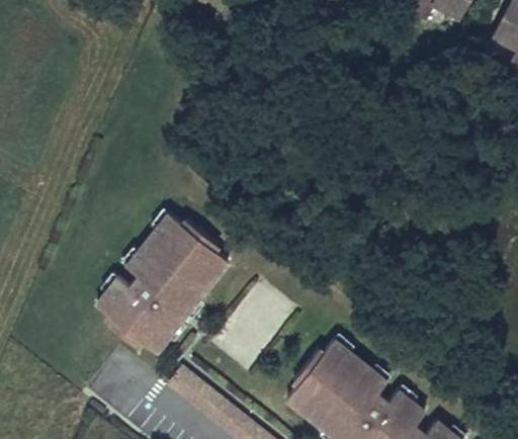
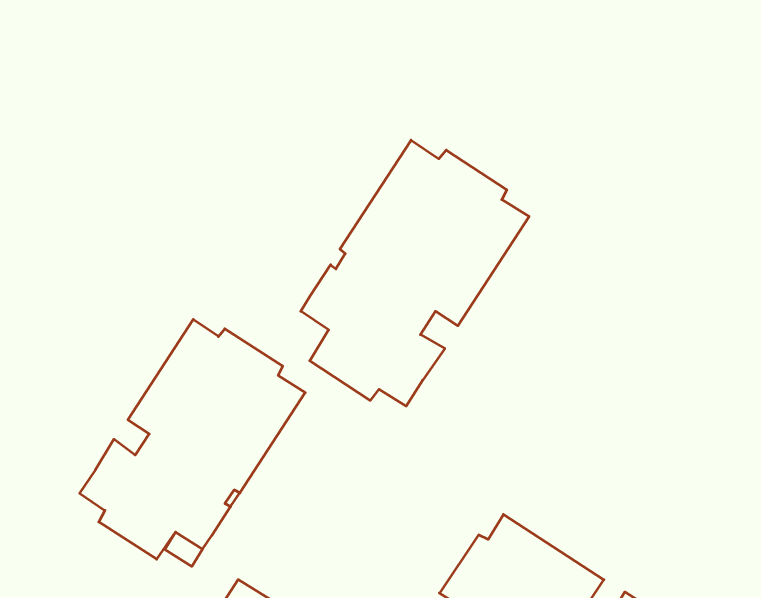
building: none -> [301,140,529,406]

